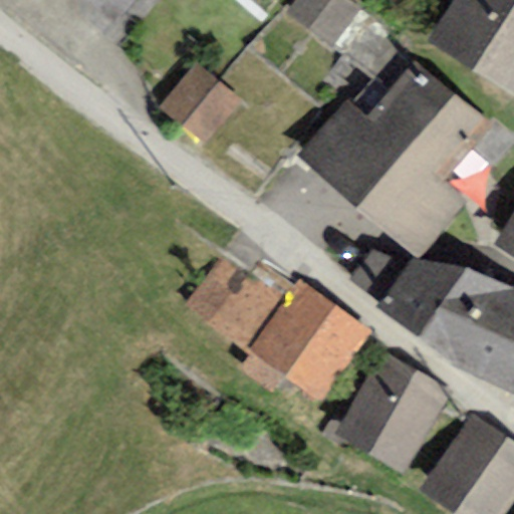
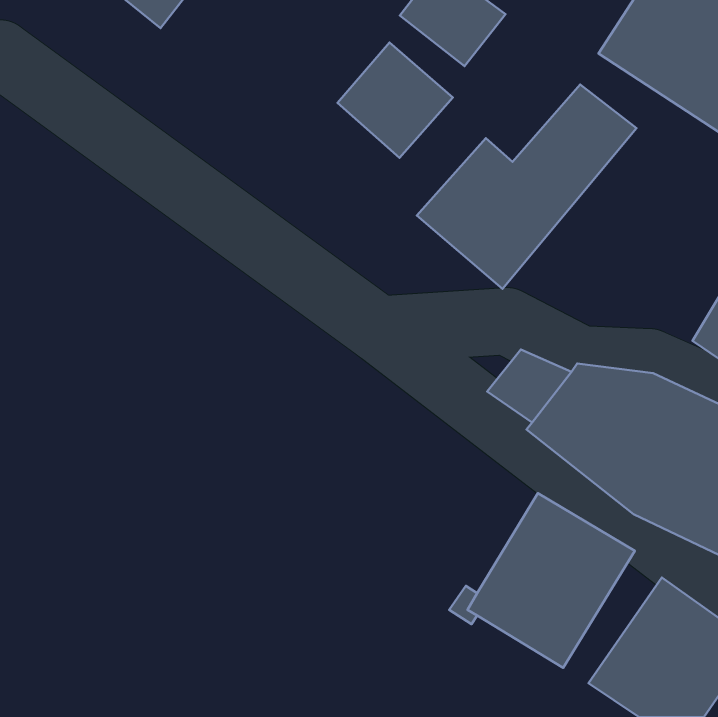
building: [161,62,243,145] -> [337,42,453,158]
building: [359,91,493,256] -> none
building: [188,256,372,401] -> none

